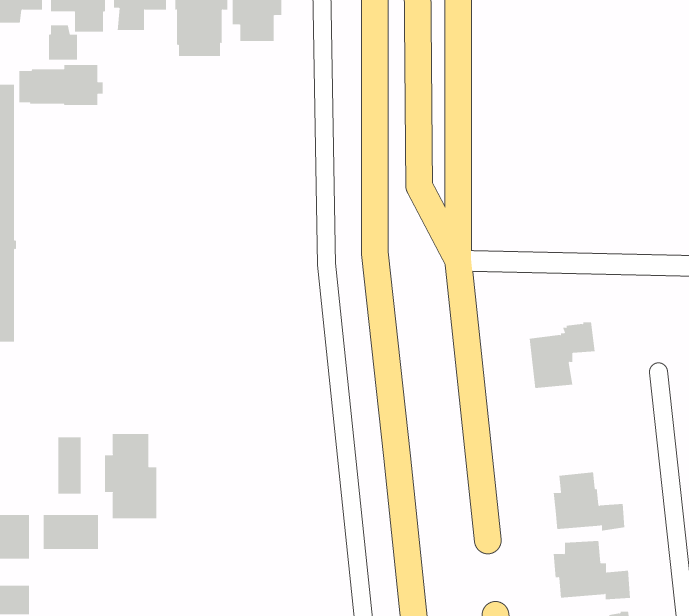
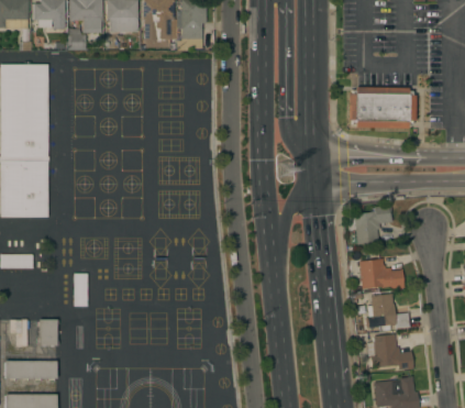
building: [19,64,103,106] -> none
building: none -> [348,87,416,128]
building: none -> [358,258,405,289]
building: [104,433,157,519] -> none
building: [43,514,99,550] -> none

